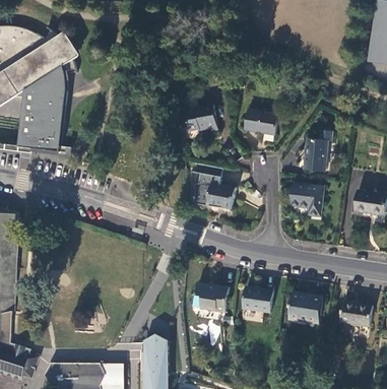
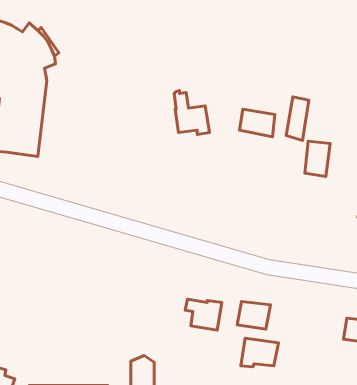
building: none -> [286,97,309,140]
building: [193,164,234,209] -> none
building: [291,183,323,215] -> none
building: [287,294,322,320] -> [241,338,278,367]

